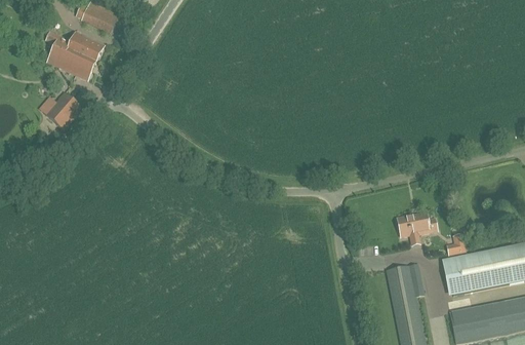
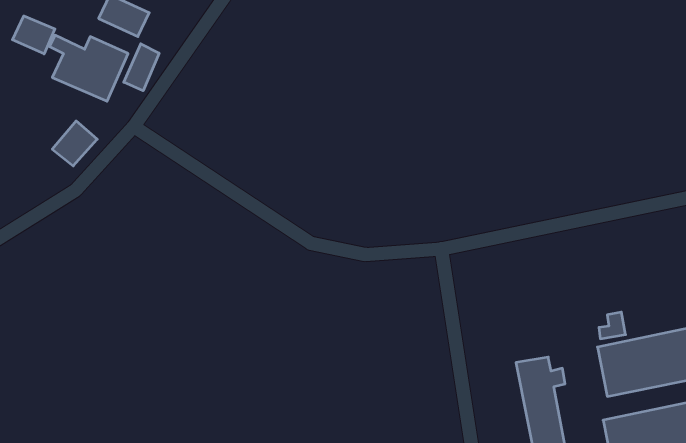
building: none -> [12,16,55,54]
building: none -> [124,44,159,91]
building: [397,213,436,244] -> none

